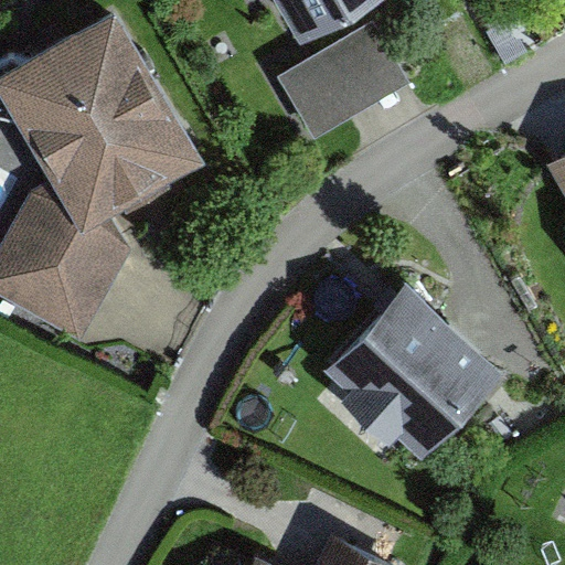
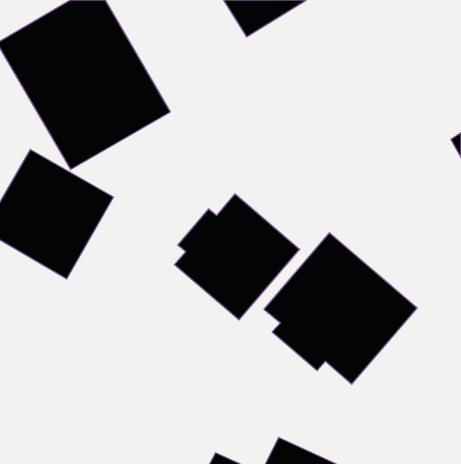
building: [268,29,405,150] -> none
building: none -> [174,194,300,320]

